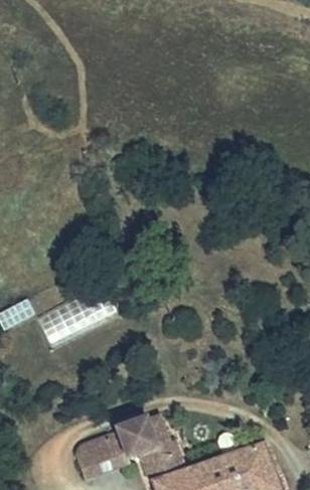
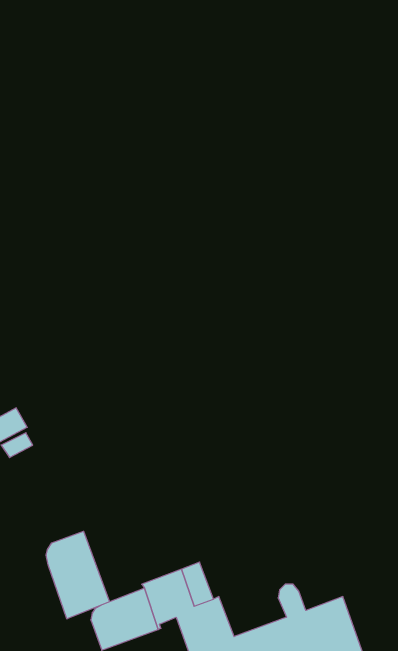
building: none -> [46,531,109,619]

